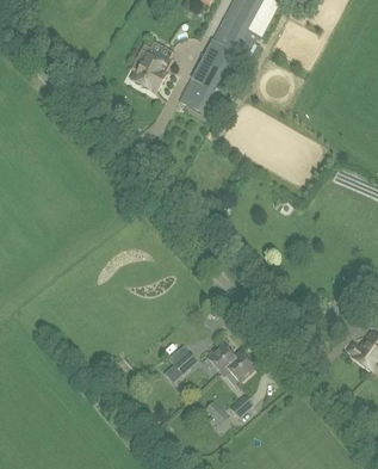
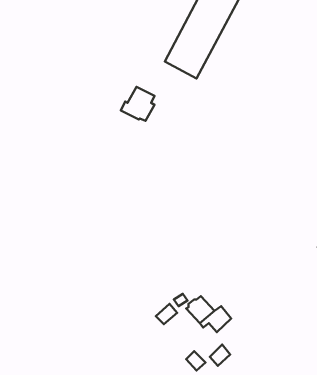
building: [135,58,171,94] -> [121,87,155,121]

